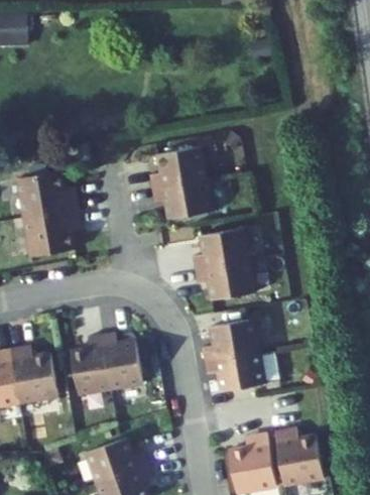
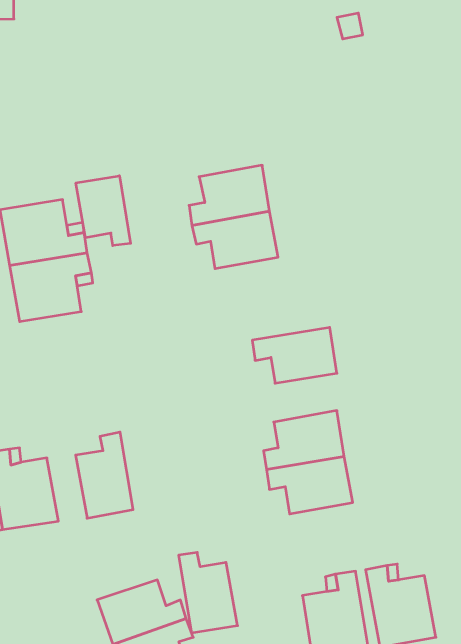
building: none -> [76,176,131,246]
building: [192,229,248,270] -> none
building: [101,333,142,389] -> [179,552,238,633]

